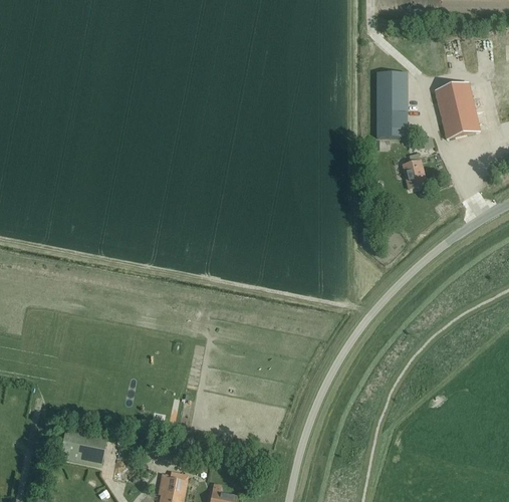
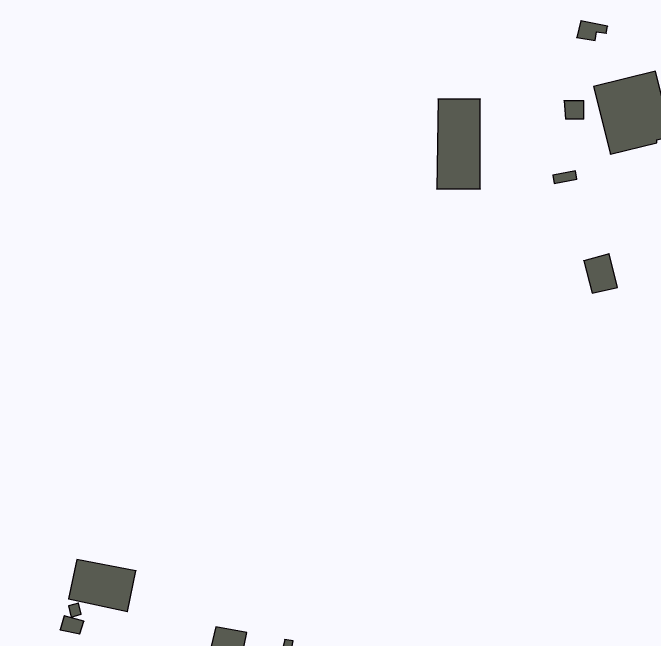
building: [375,71,407,136] -> [437,99,480,189]
building: [402,159,426,187] -> [584,254,617,293]

